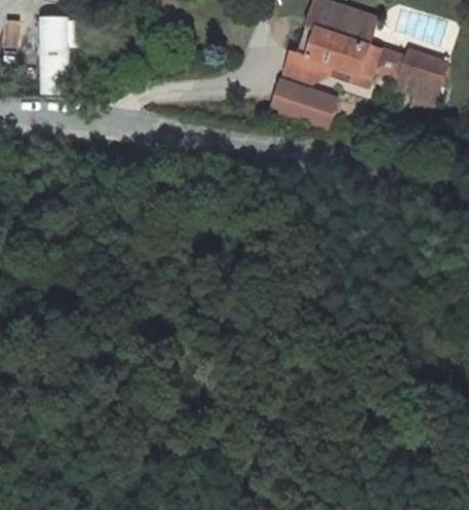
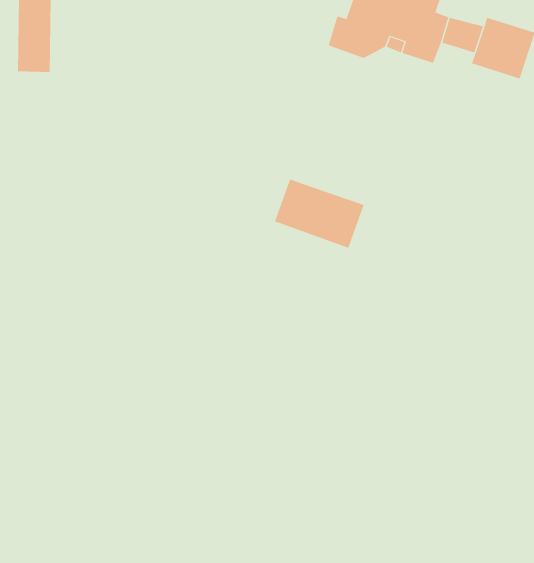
building: [268,74,340,130] -> [274,179,364,249]

